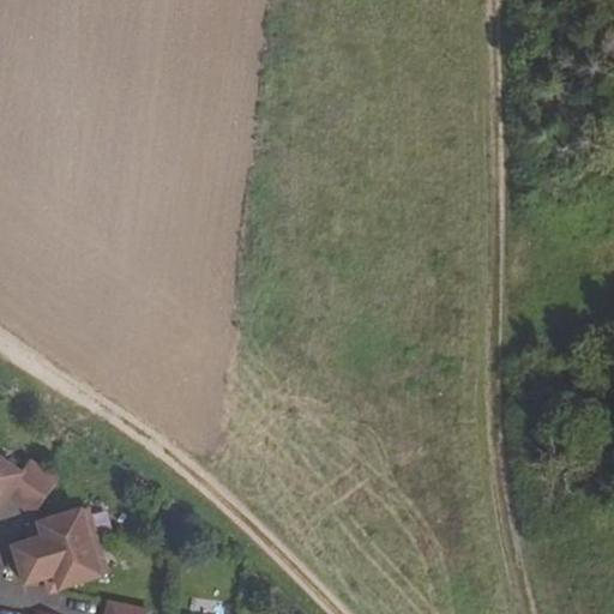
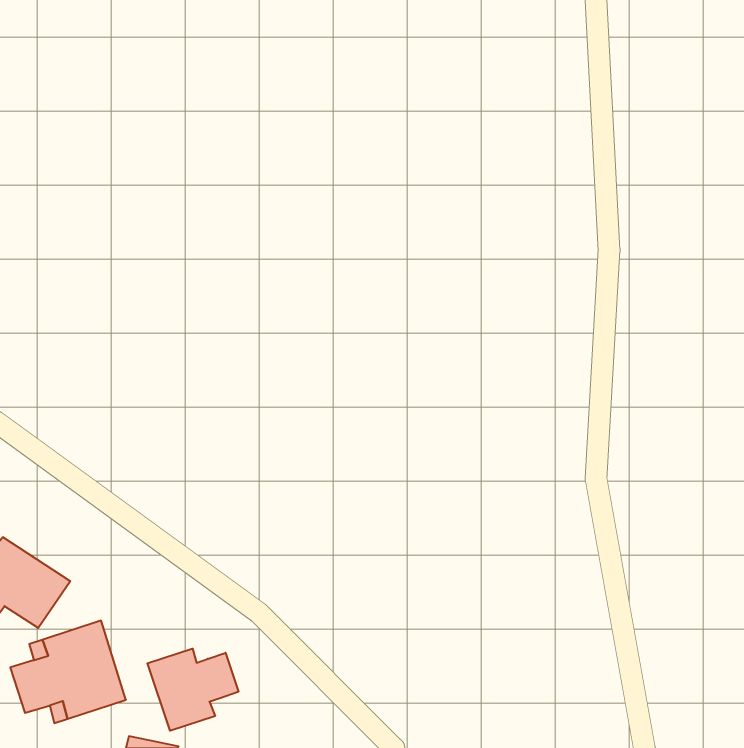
building: none -> [147,649,238,731]

